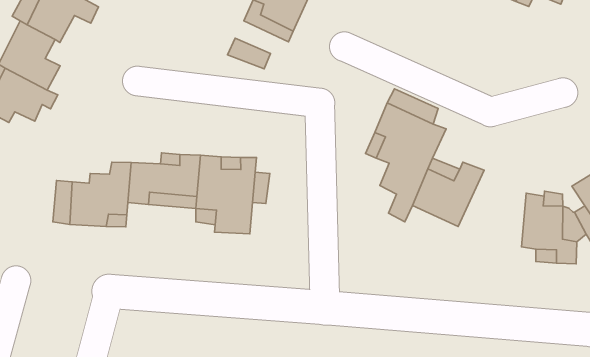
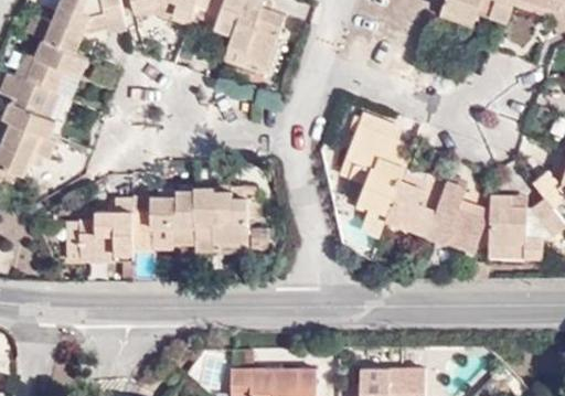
building: none -> [430,175,487,250]

